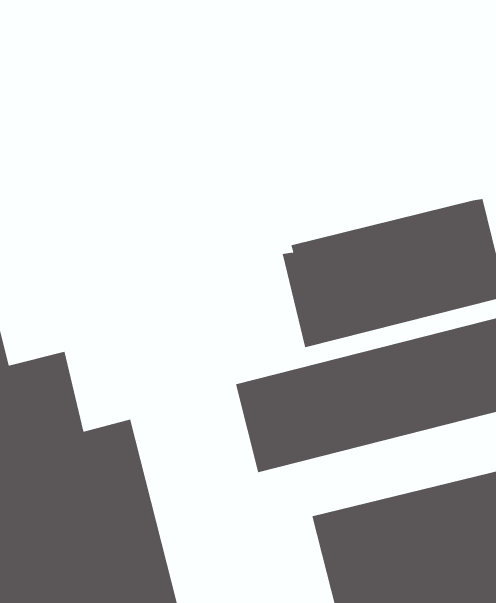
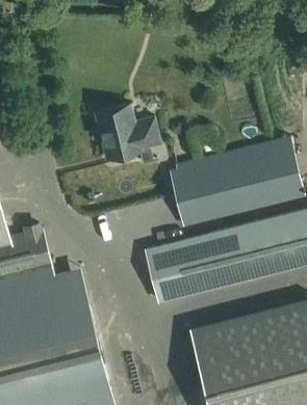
building: none -> [95,105,160,160]

